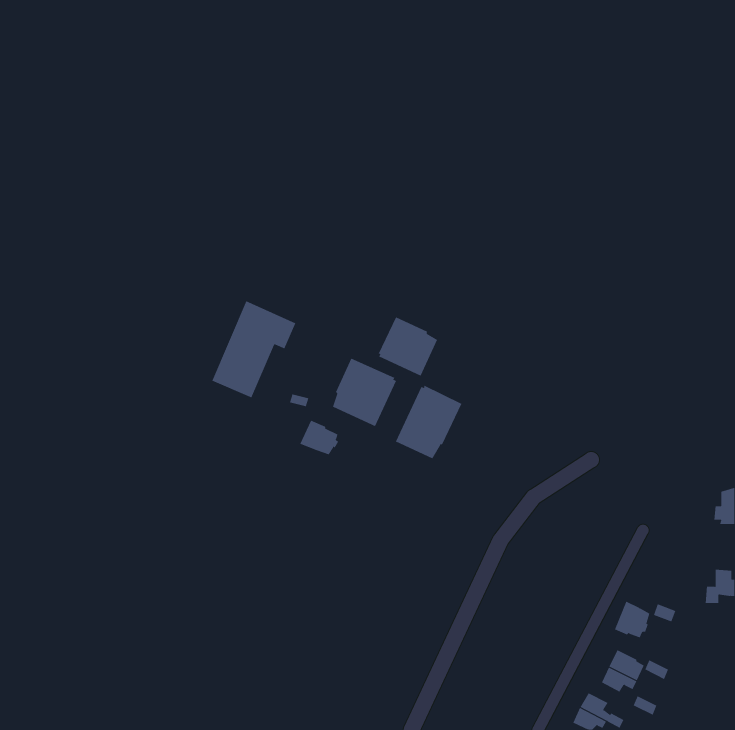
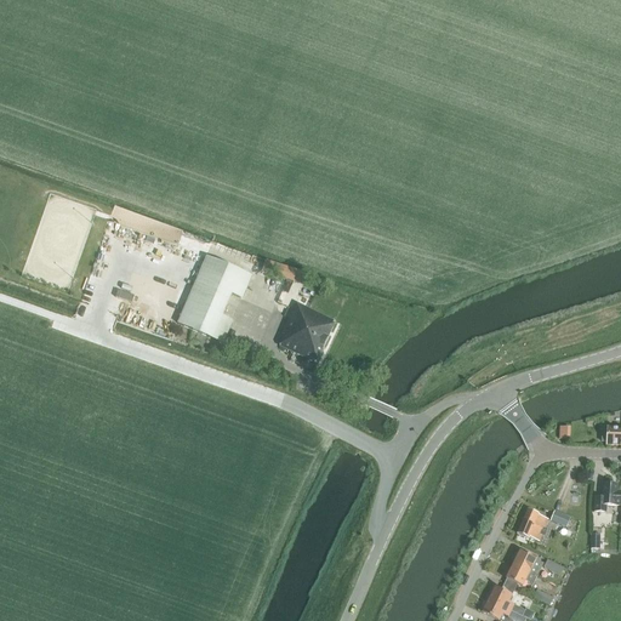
building: [378,316,438,376] -> none
building: [395,385,462,459] -> none
building: [300,420,339,455] -> none

